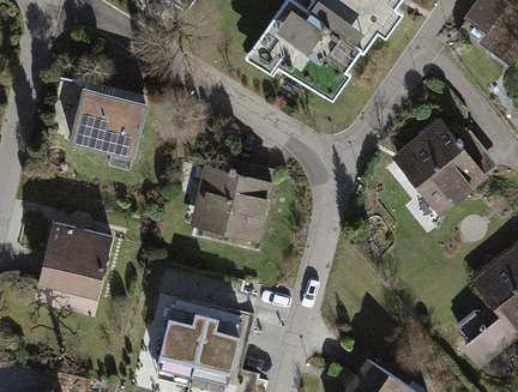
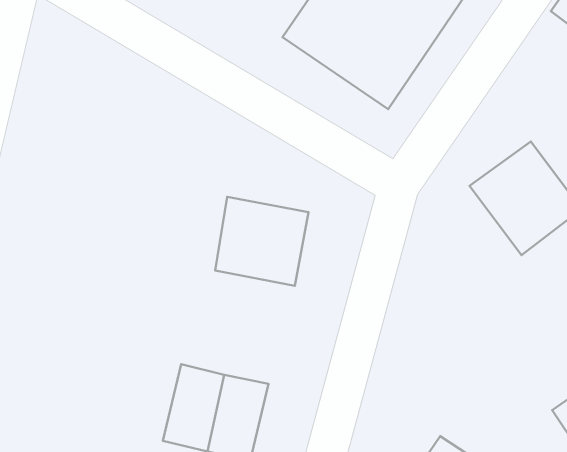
building: [54,82,143,155] -> none
building: [37,224,112,300] -> none

